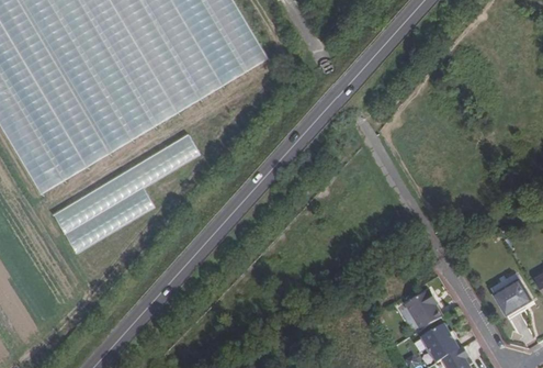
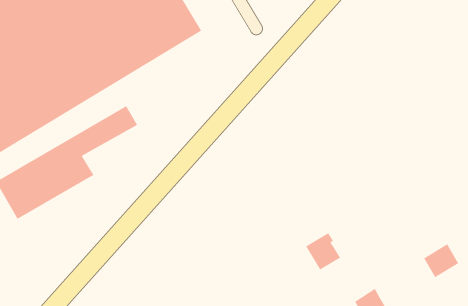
building: [406,290,443,330] -> [305,232,341,271]

